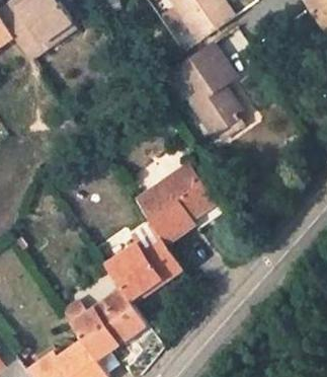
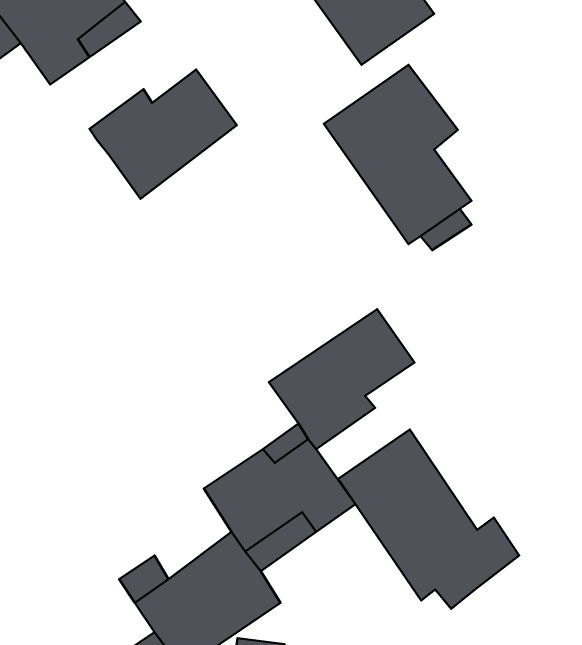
building: none -> [89,70,237,199]
building: none -> [338,429,519,609]

